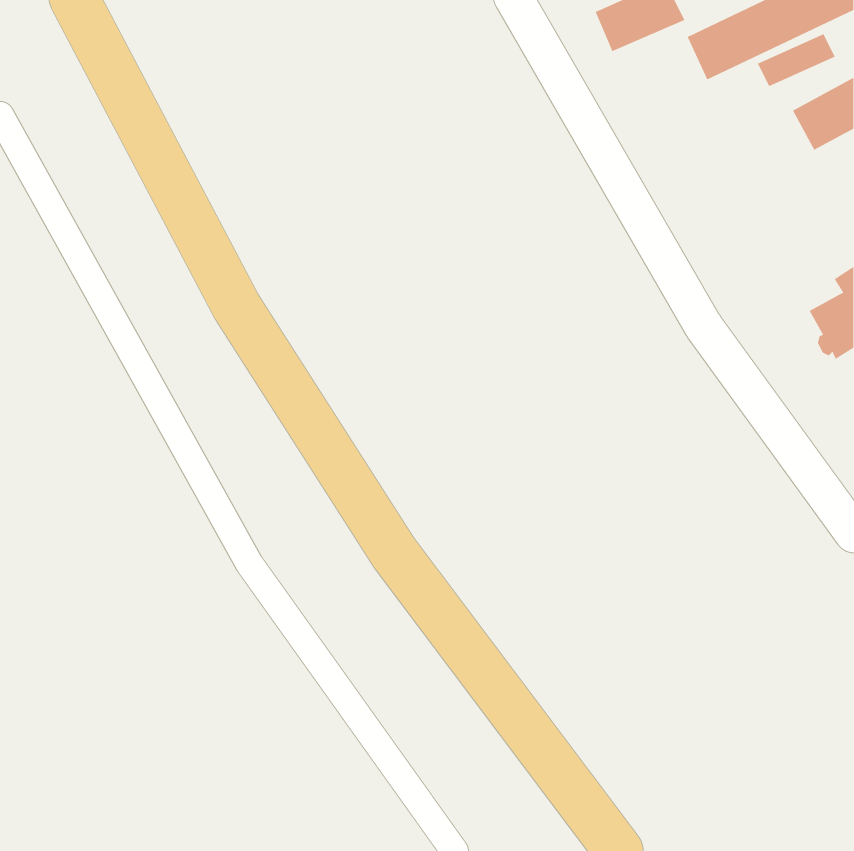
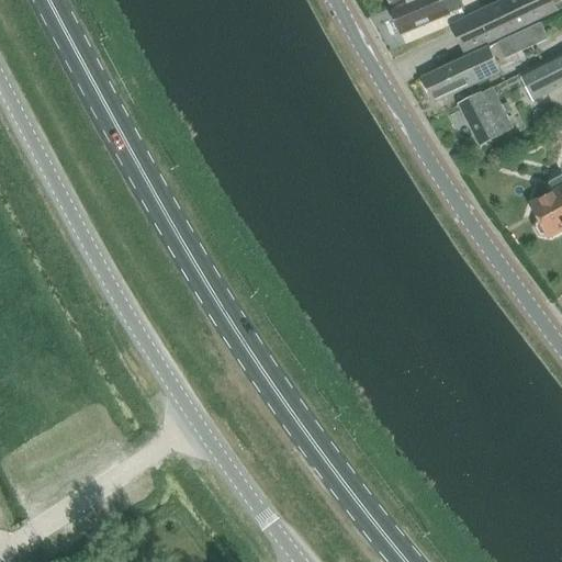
building: none -> [422,45,502,102]
building: none -> [459,87,514,144]

